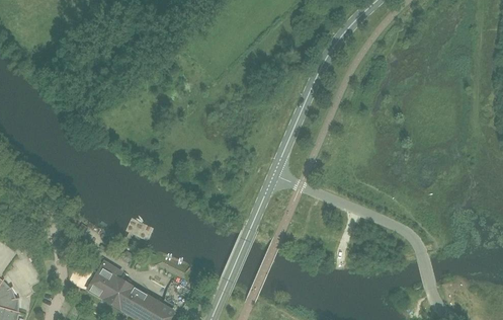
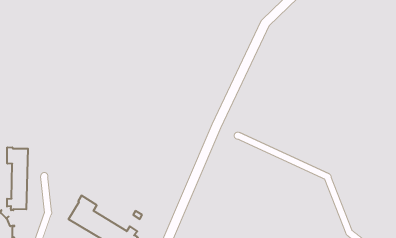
building: none -> [7,147,28,210]

